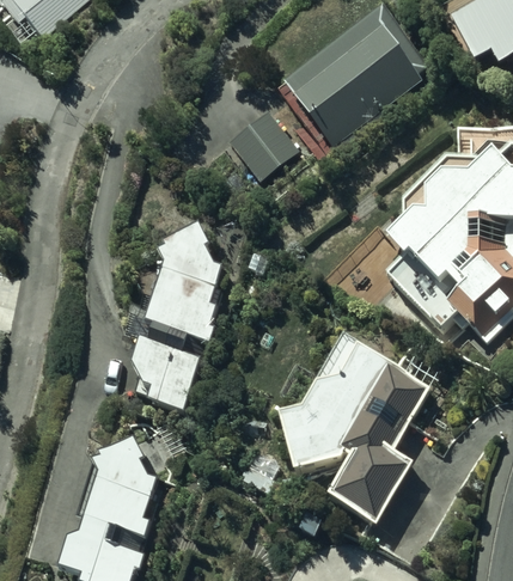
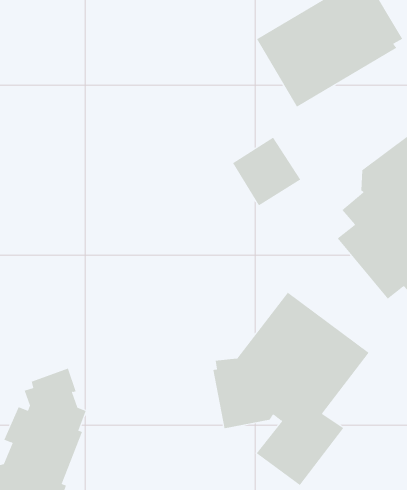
building: [228,108,299,178] -> [232,137,301,206]
building: [130,224,224,409] -> none

